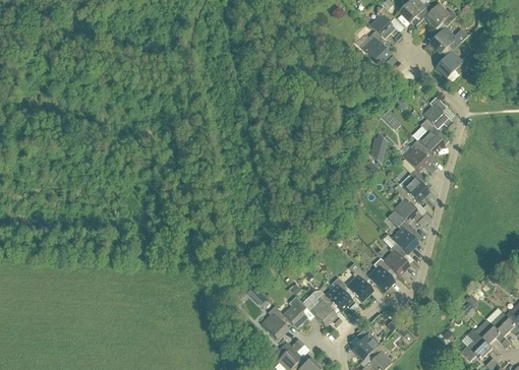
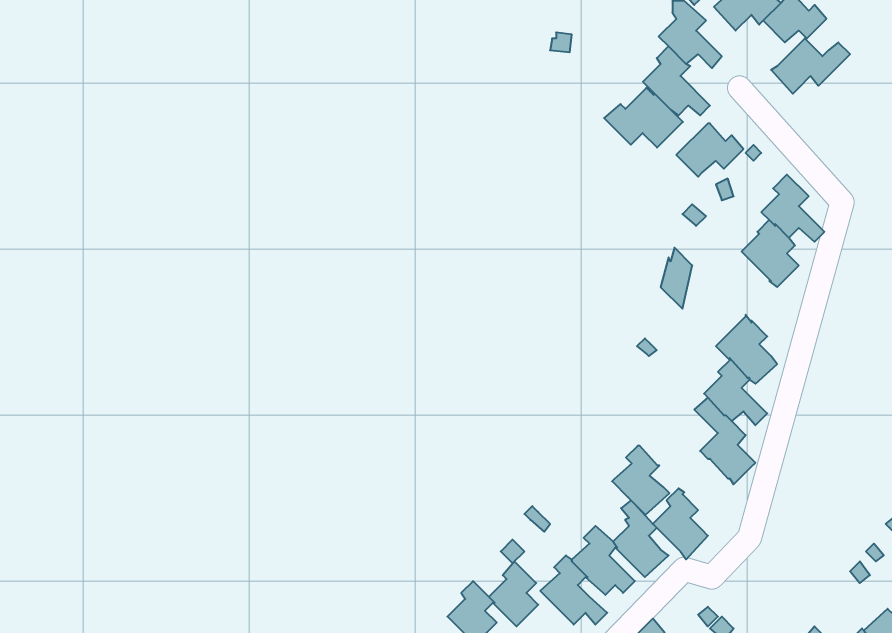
building: [435,50,469,77] -> [676,123,743,177]
building: none -> [604,88,683,148]
building: [404,139,438,175] -> none
building: [382,242,411,278] -> [612,446,669,515]

